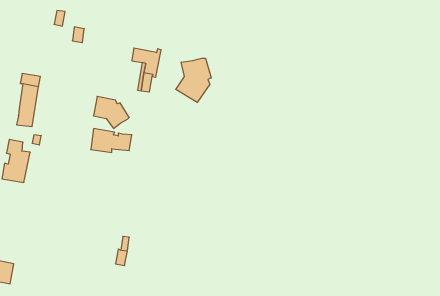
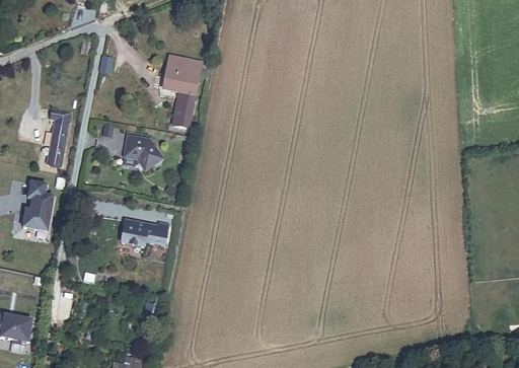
building: none -> [168,58,199,85]
building: [176,58,211,102] -> none
building: [91,129,132,152] -> [122,219,167,245]

